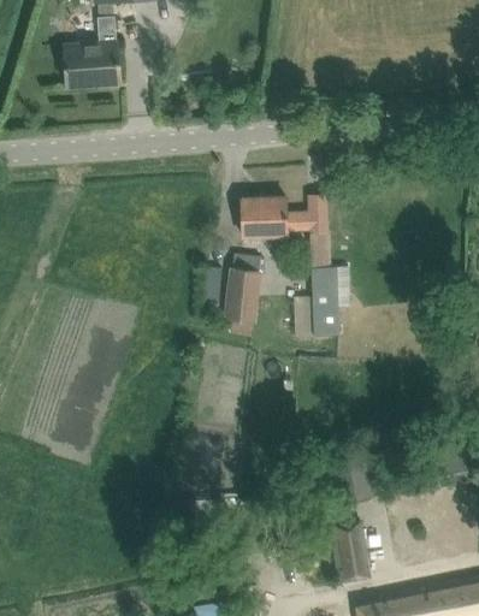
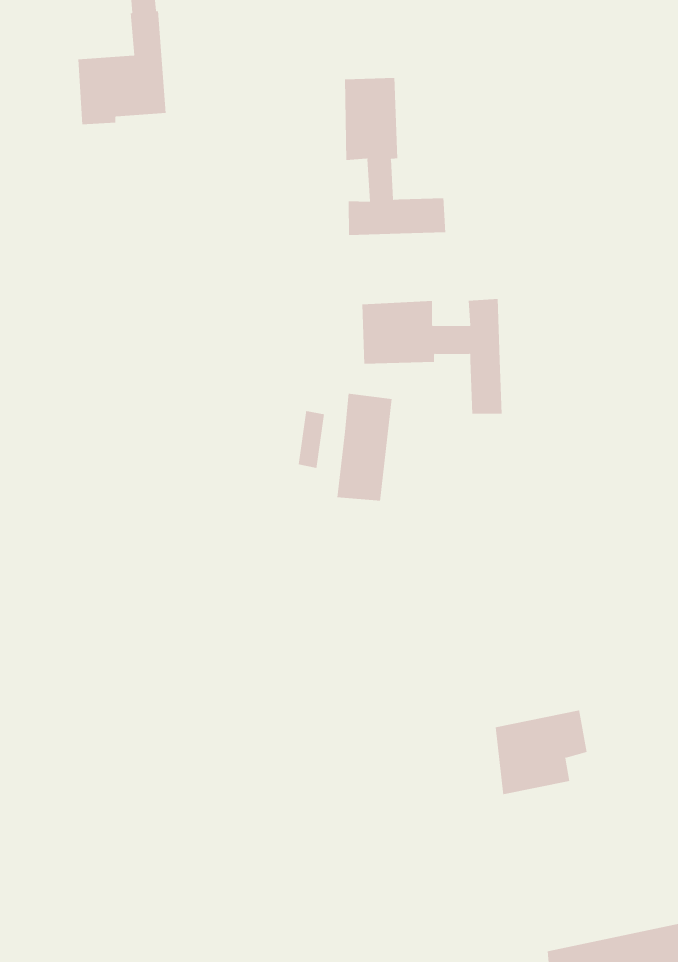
building: none -> [345,77,446,236]
building: [311,270,339,338] -> none
building: [330,523,369,585] -> none

